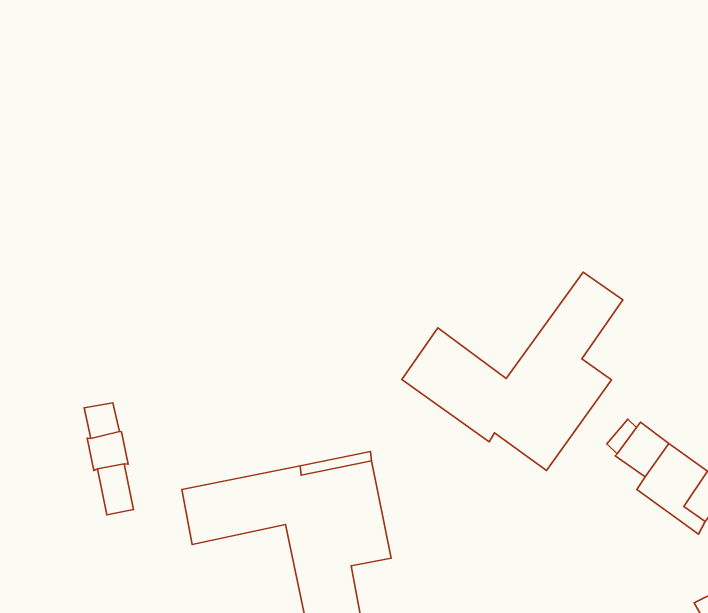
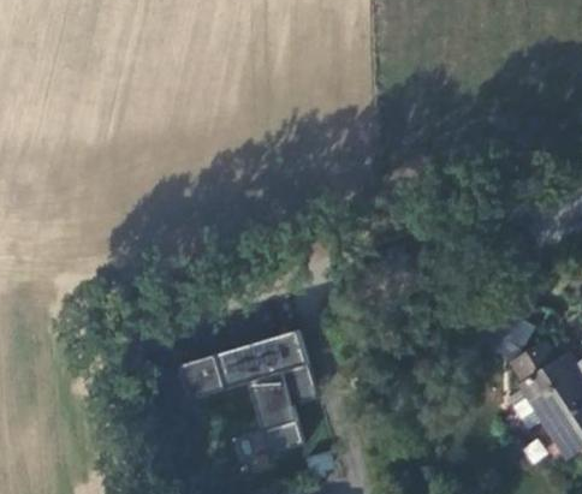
building: [402,272,623,470] -> none

